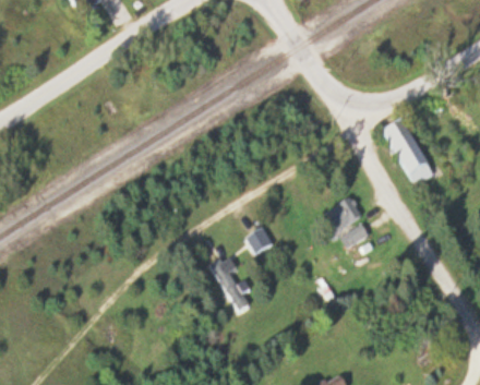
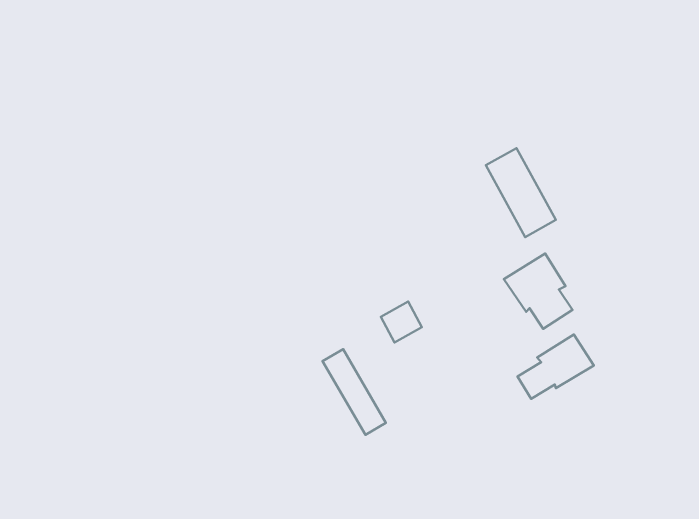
building: [387,122,432,179] -> [486,148,556,237]
building: none -> [517,334,594,399]

